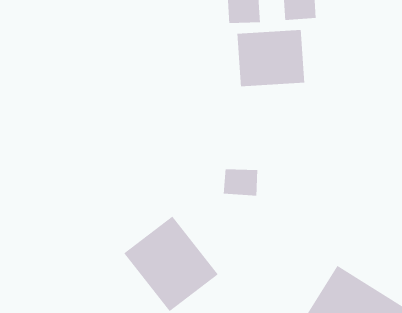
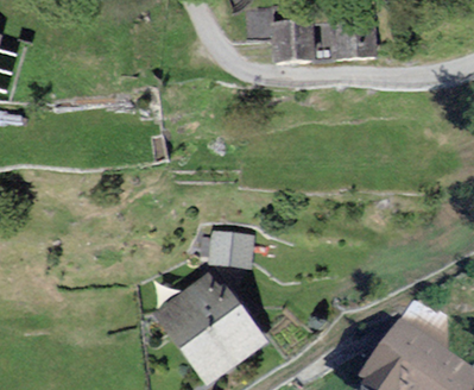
building: [236,29,305,87] -> none
building: [223,168,258,196] -> [210,232,249,263]

